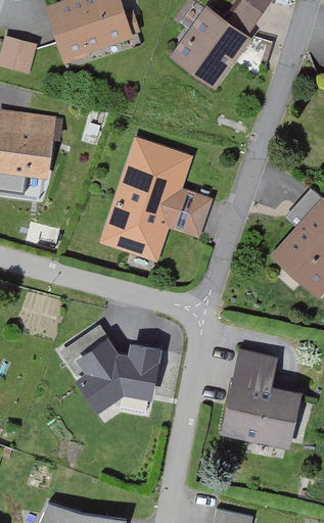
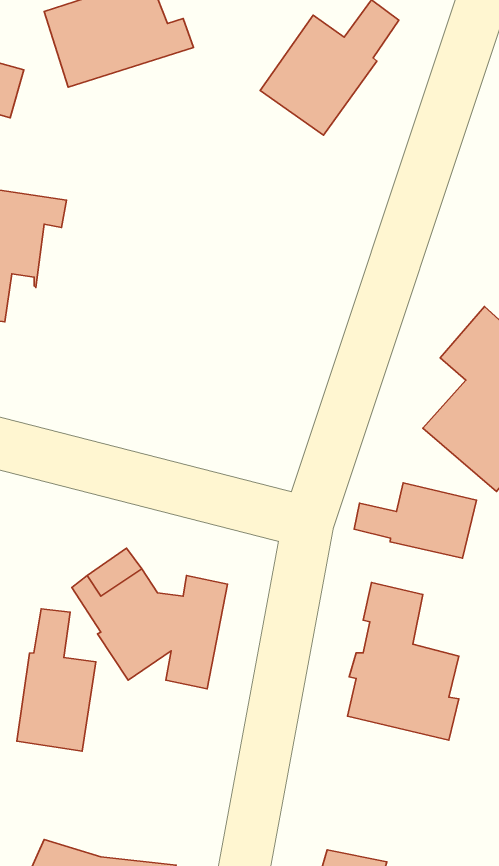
building: [105,139,211,252] -> none
building: none -> [354,483,476,558]
building: none -> [17,609,96,751]

